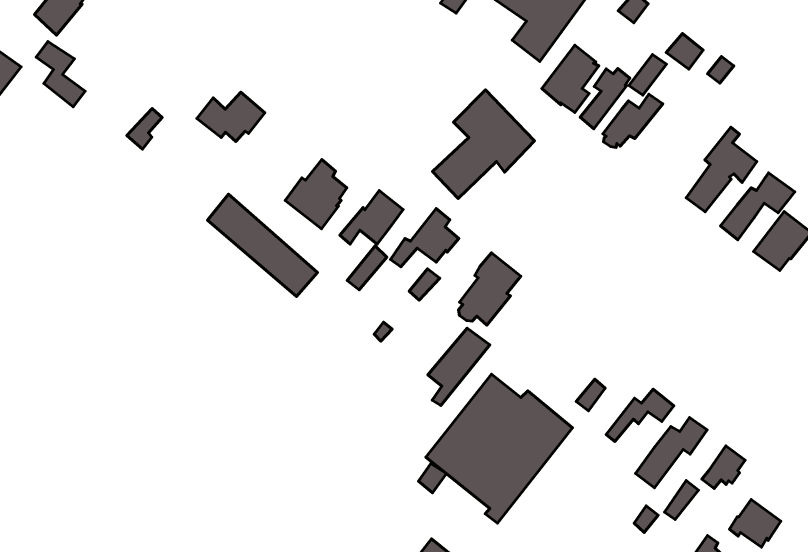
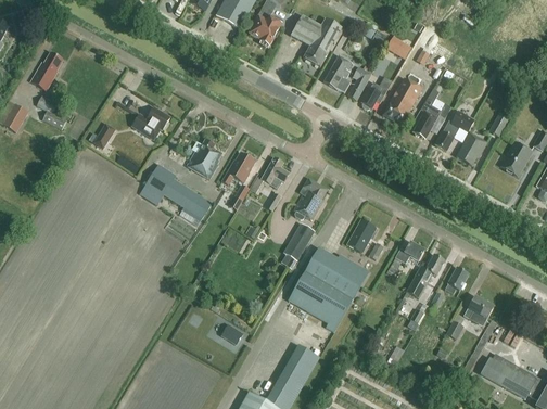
building: [432,90,535,198] -> none
building: none -> [384,78,422,125]
building: none -> [347,220,376,252]

